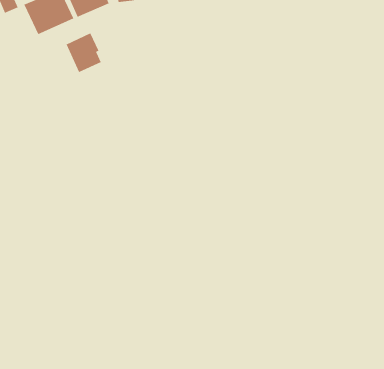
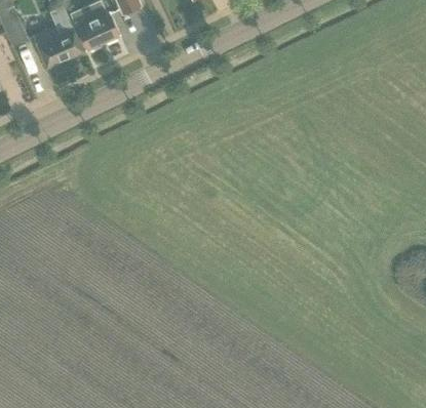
building: [66,33,102,73] -> none

